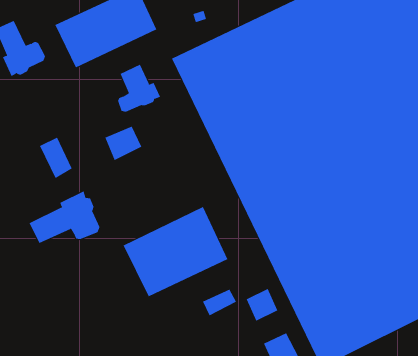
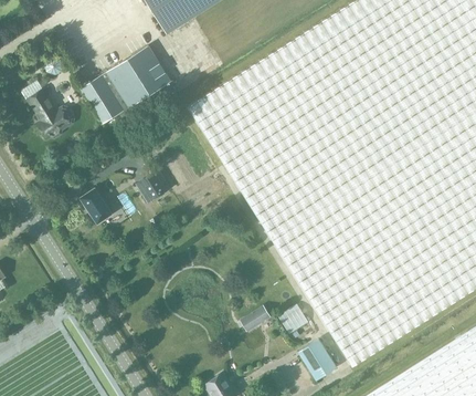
building: [117,64,161,113] -> none
building: [29,191,100,244] -> none
building: [123,206,228,297] -> none

